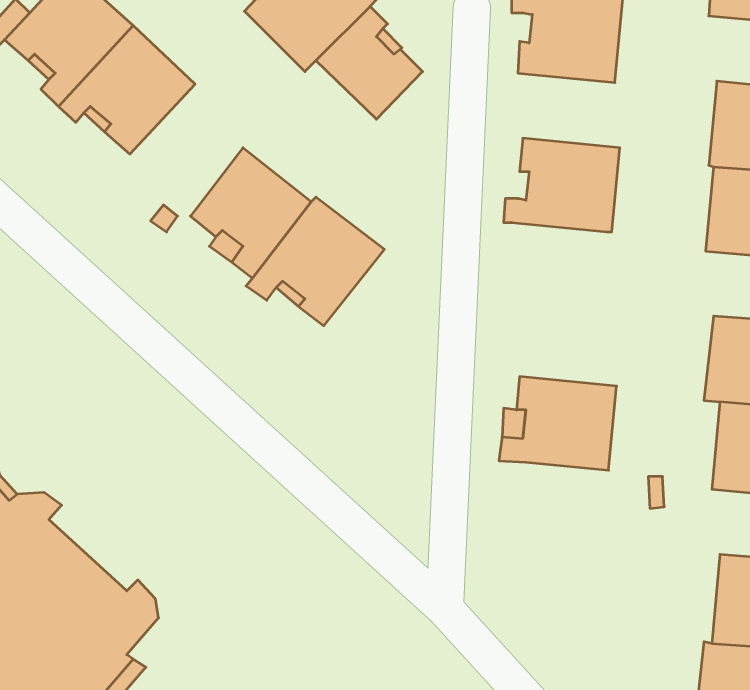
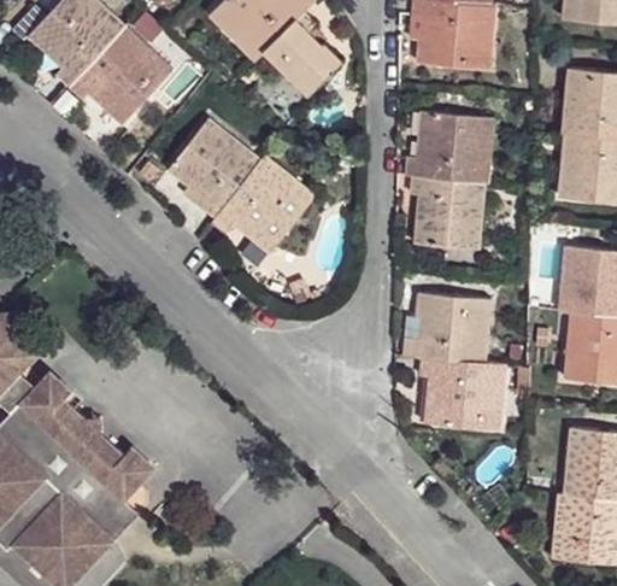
building: none -> [410,175,484,250]
building: none -> [421,357,505,429]

